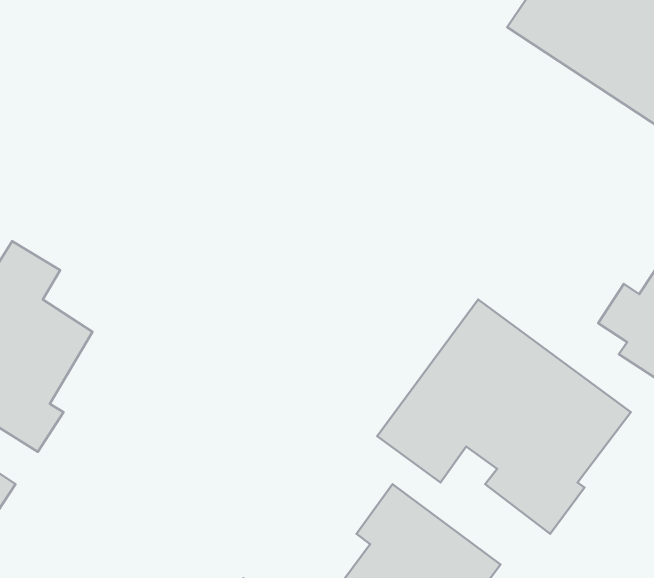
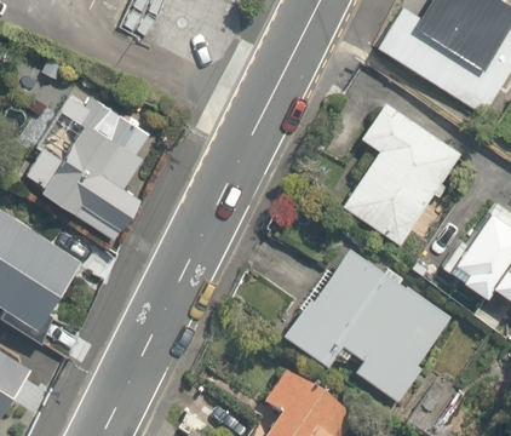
building: none -> [19,82,153,239]
building: none -> [334,105,464,253]

